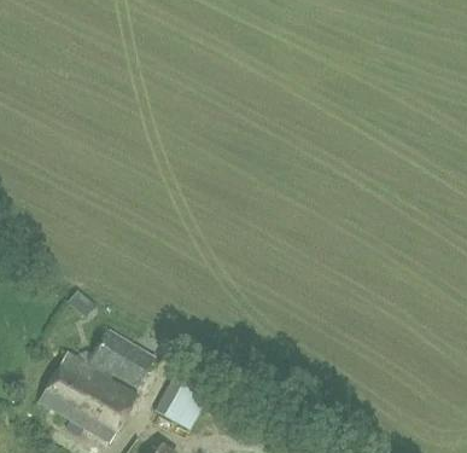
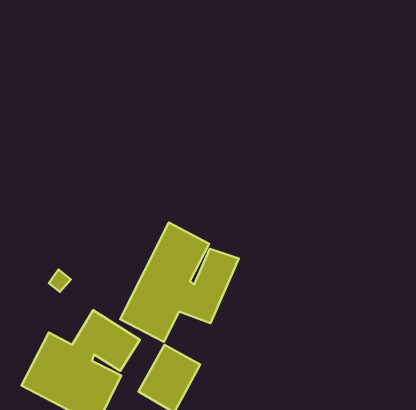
building: none -> [120,222,239,342]

